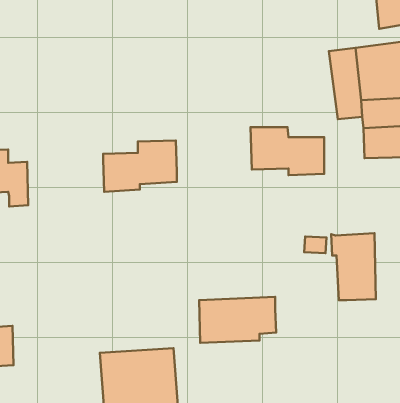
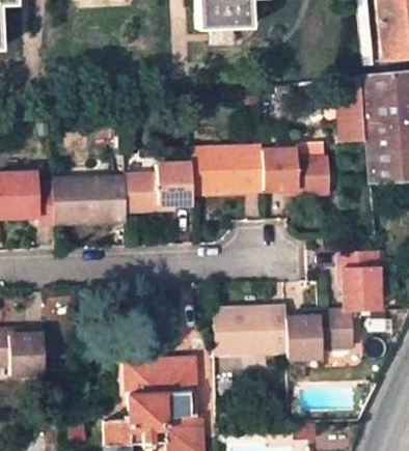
building: none -> [195,146,266,192]
building: none -> [56,176,129,223]
building: none -> [288,311,355,359]

